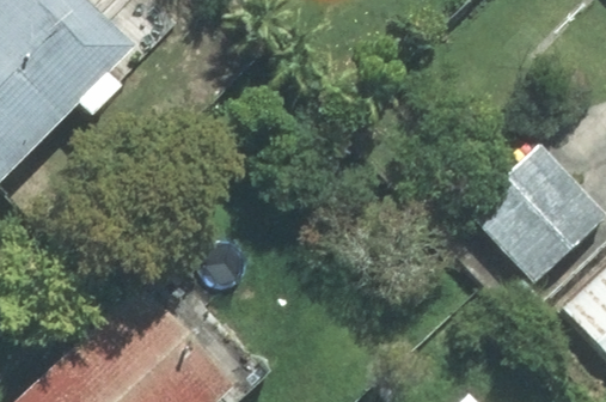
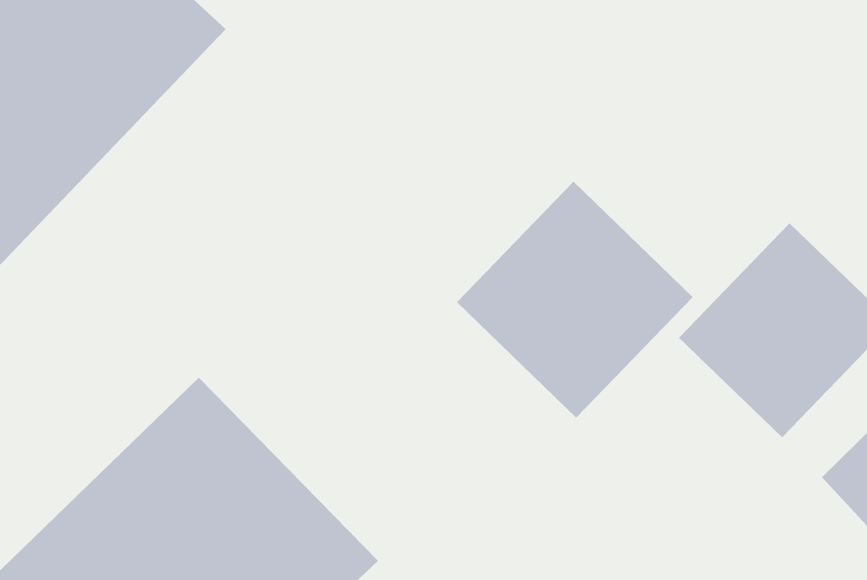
building: none -> [456,181,694,418]

